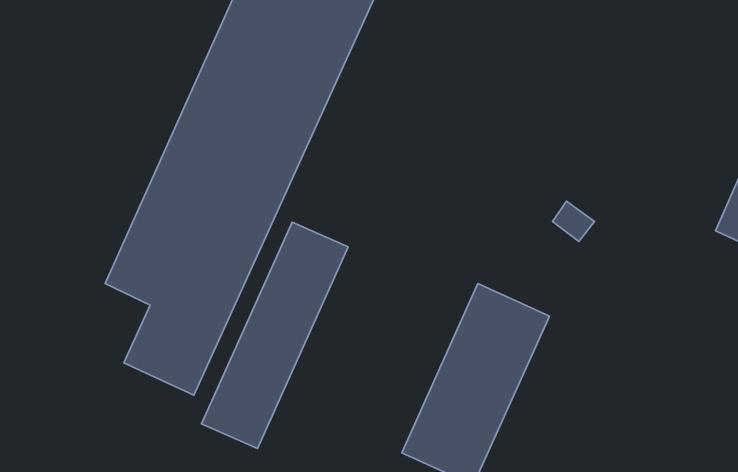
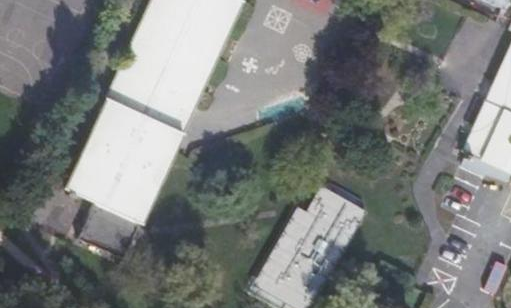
building: [201,222,348,449] -> none

